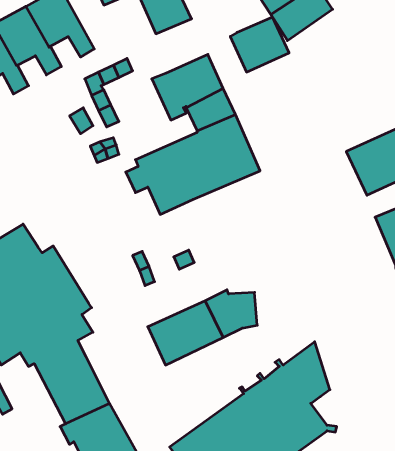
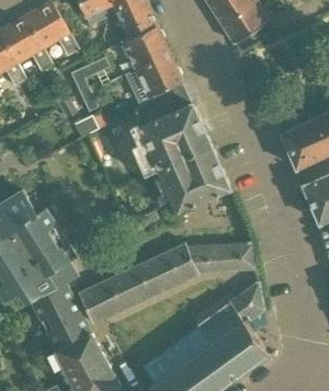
building: [230,17,289,72] -> [123,26,170,70]
building: none -> [156,148,230,212]
building: none -> [207,242,254,272]
building: none -> [79,273,136,323]

